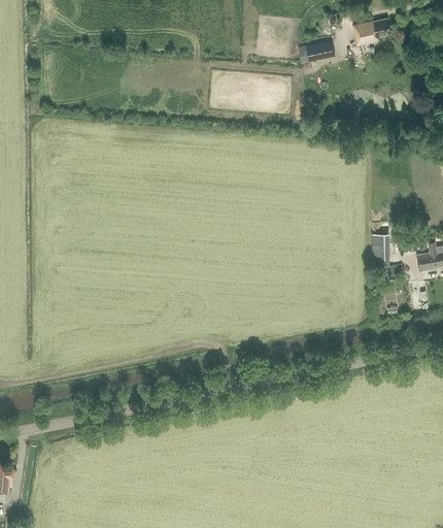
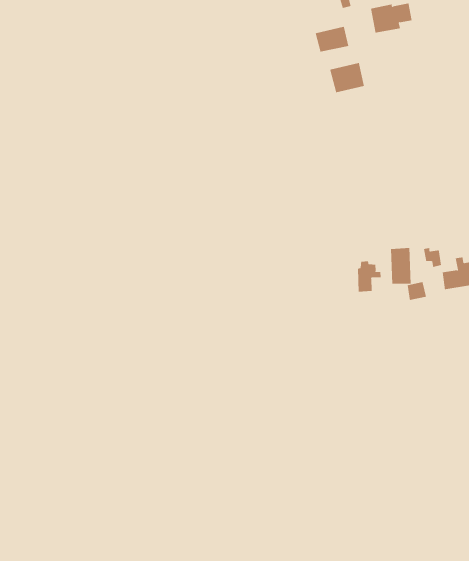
building: none -> [330,62,365,93]
building: none -> [357,261,381,292]

